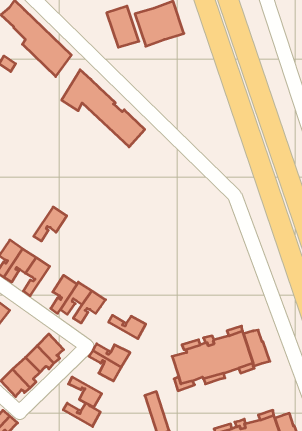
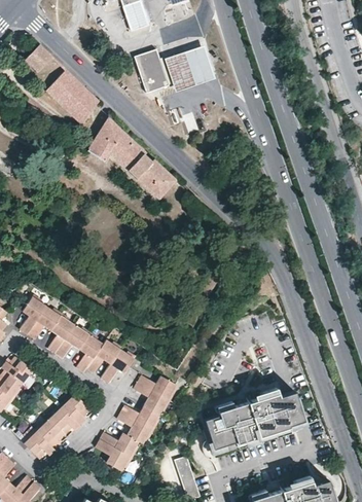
building: [34,207,67,241] -> [56,323,90,359]
building: none -> [134,382,169,414]
building: [63,403,100,427] -> [100,432,139,457]

